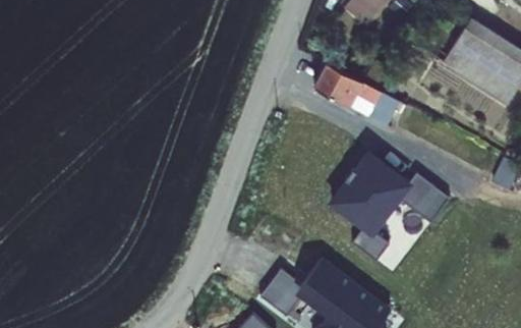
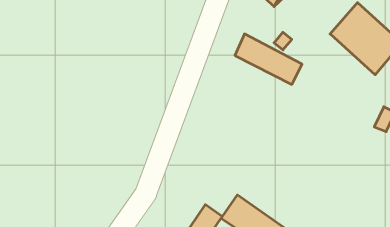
building: [330,156,446,264] -> none

